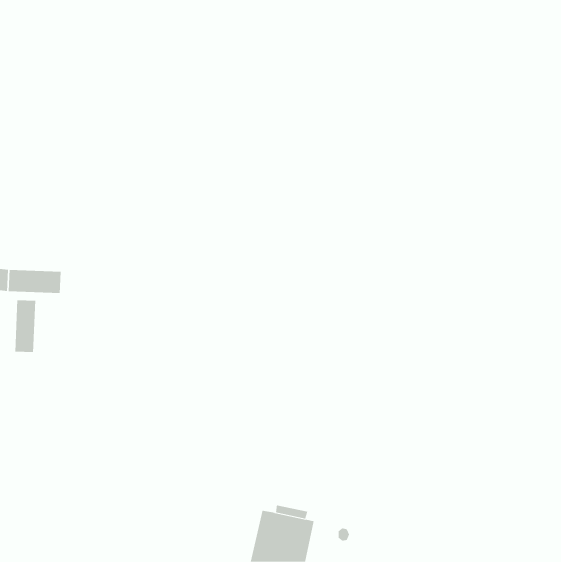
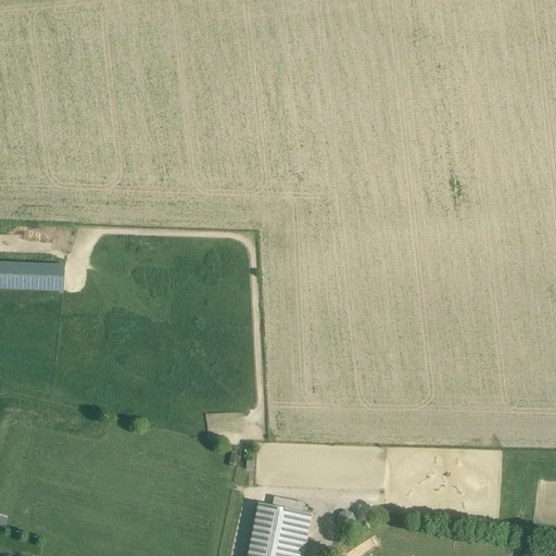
building: [15,300,36,353] -> none

